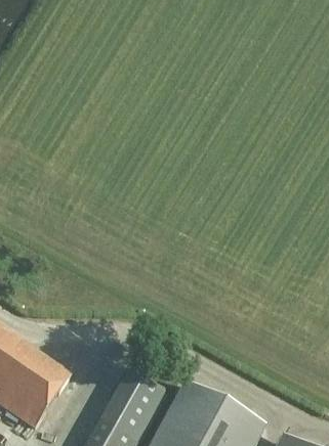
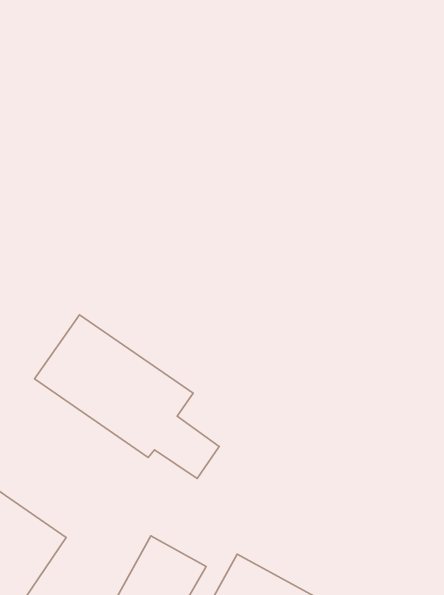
building: none -> [34,315,219,479]

